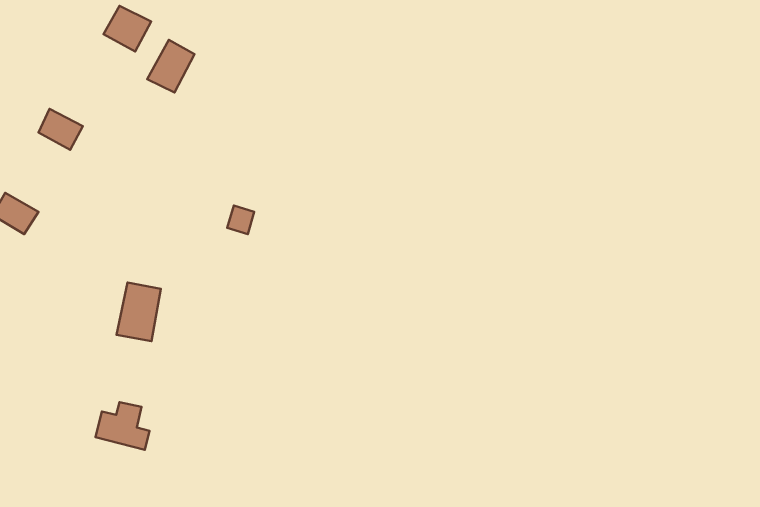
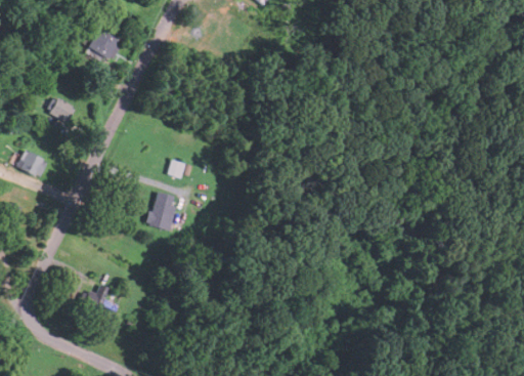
building: [147,40,194,92] -> none
building: [116,283,161,341] -> [147,192,176,229]

